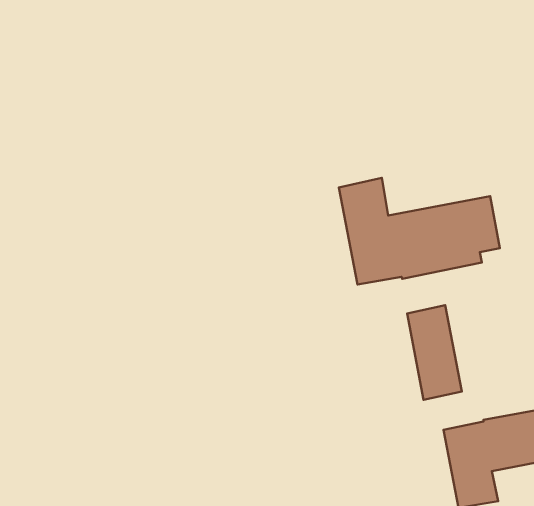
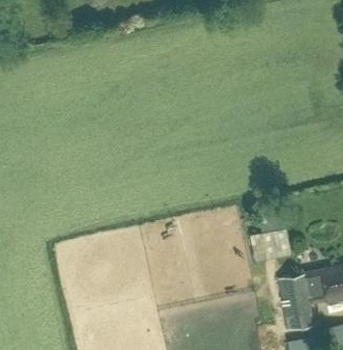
building: [339,178,500,284] -> none

